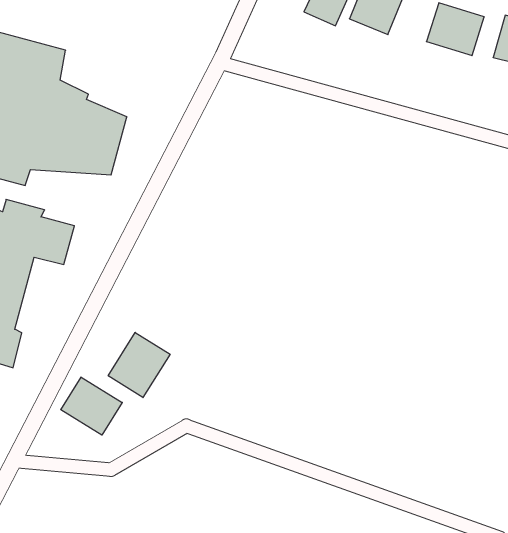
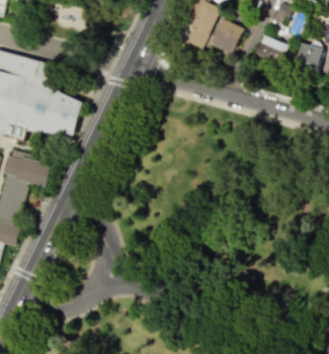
building: [108,332,170,398] -> none
building: [61,377,122,435] -> none

